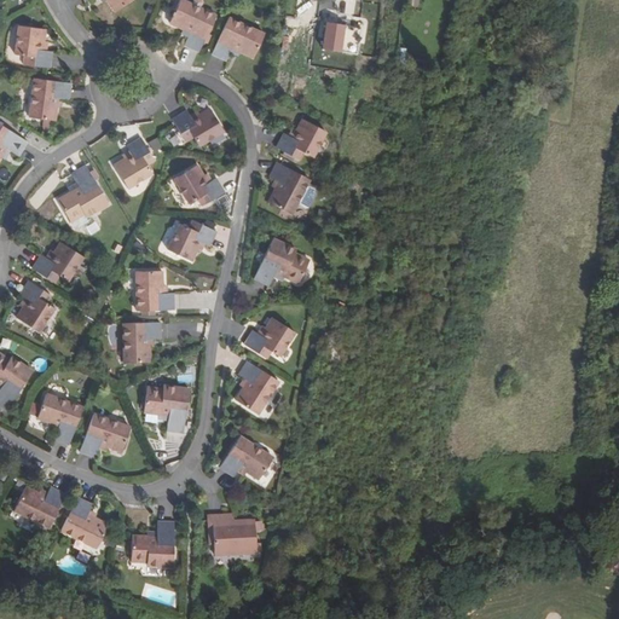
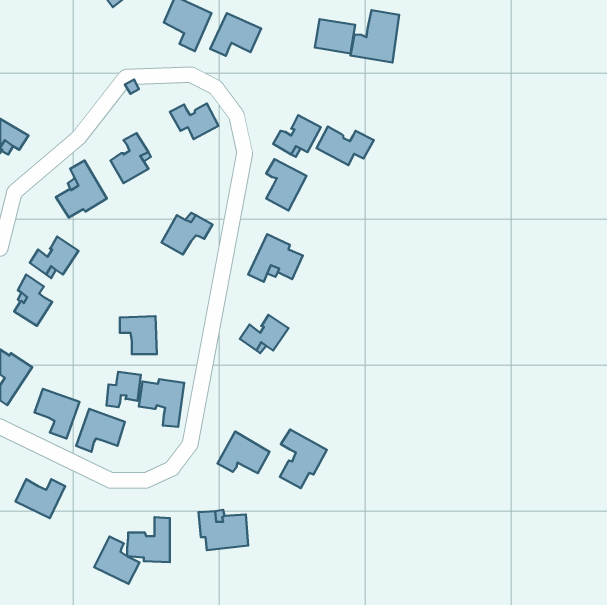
building: none -> [351,10,399,62]
building: [17,23,53,64] -> none
building: [30,74,73,117] -> none
building: none -> [316,127,374,165]
building: [174,160,225,198] -> none
building: [135,270,173,310] -> none
building: [235,361,278,413] -> none
building: none -> [107,372,141,407]
building: none -> [280,429,327,488]
building: [63,498,109,546] -> [94,536,139,584]

